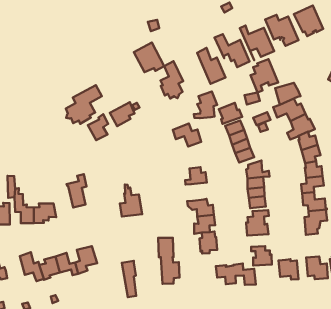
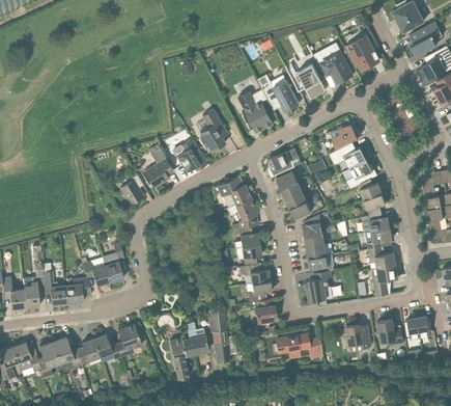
building: [134,42,164,72] -> [173,137,208,171]
building: [250,59,278,92] -> none
building: [66,85,102,124] -> none
building: [194,92,217,118] -> [231,197,257,228]
building: none -> [235,243,261,265]
building: [120,185,142,216] -> [182,318,208,354]
building: none -> [82,258,110,286]
building: [251,246,272,265] -> none
building: none -> [38,341,60,378]

